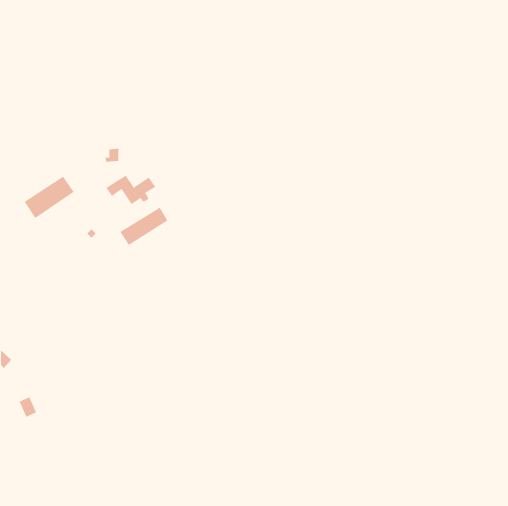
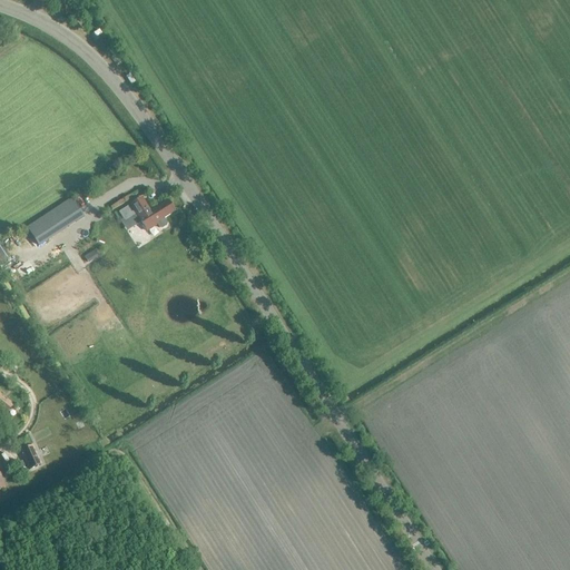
building: [120,207,168,246] -> none

